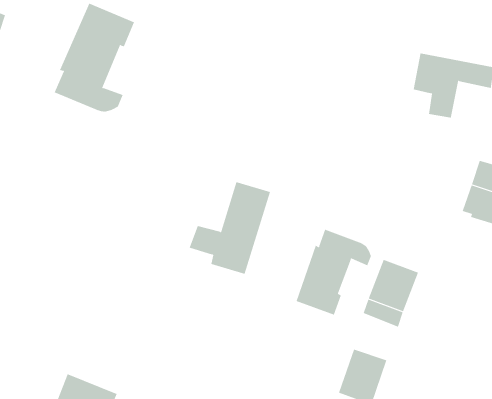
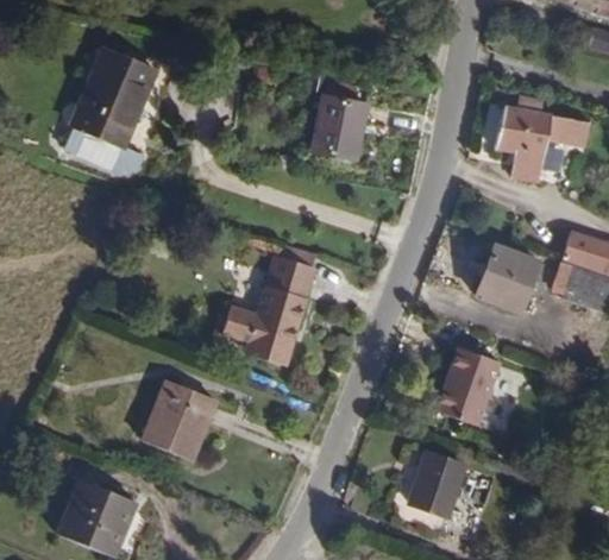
building: none -> [315,95,372,162]
building: none -> [467,244,532,312]
building: [296,229,371,315] -> none
building: none -> [147,379,221,459]

